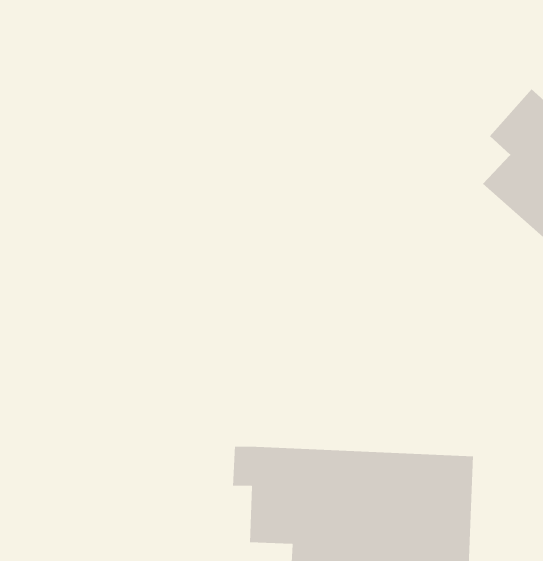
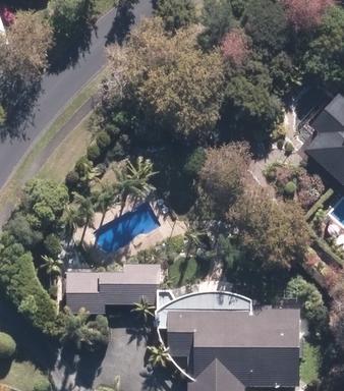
building: none -> [65,268,160,312]

